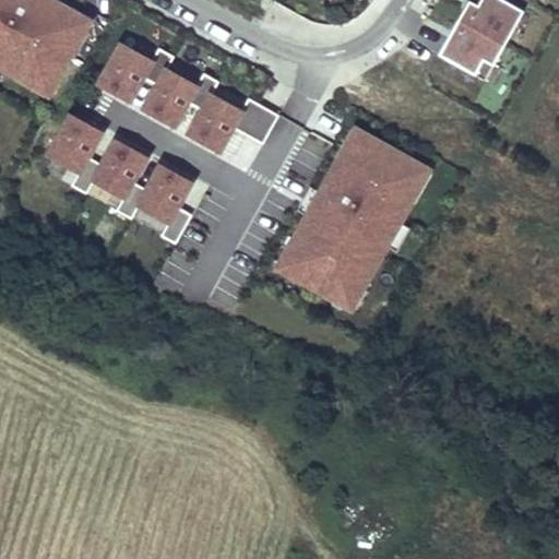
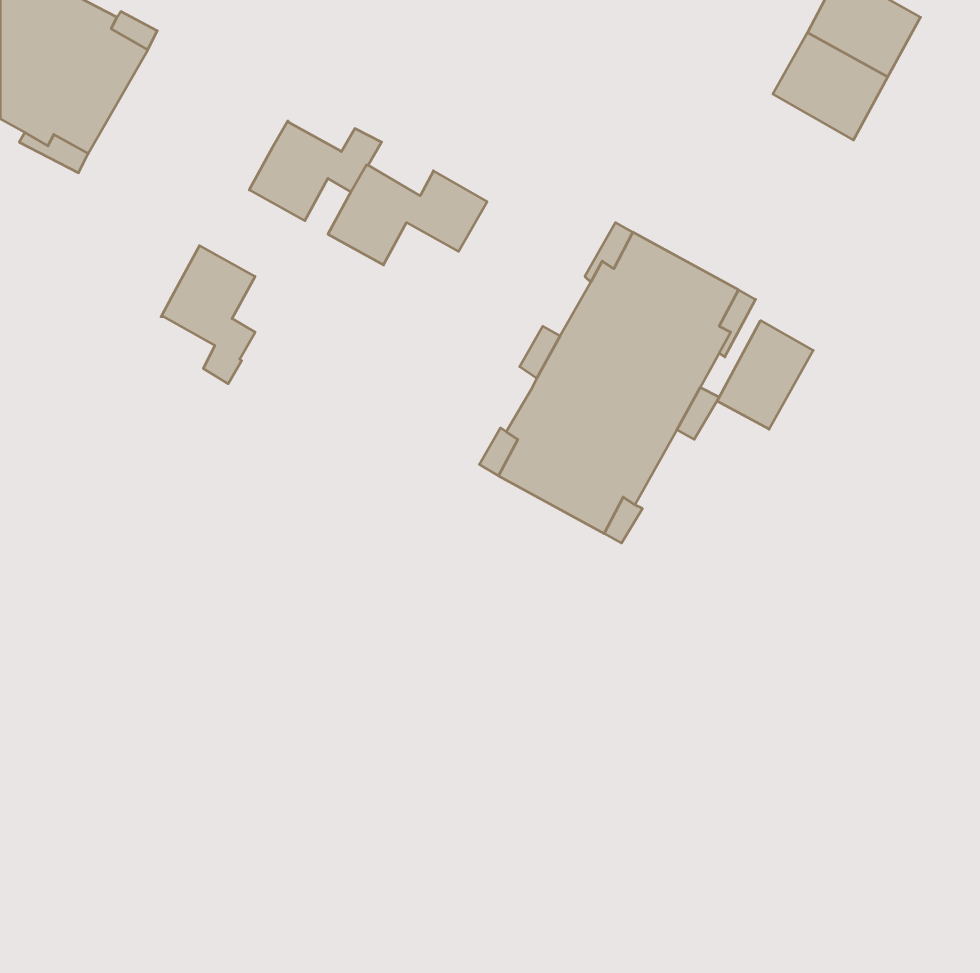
building: [97,44,173,100] -> none
building: [47,115,100,193] -> none
building: [136,165,191,243] -> none
building: none -> [717,321,813,429]

